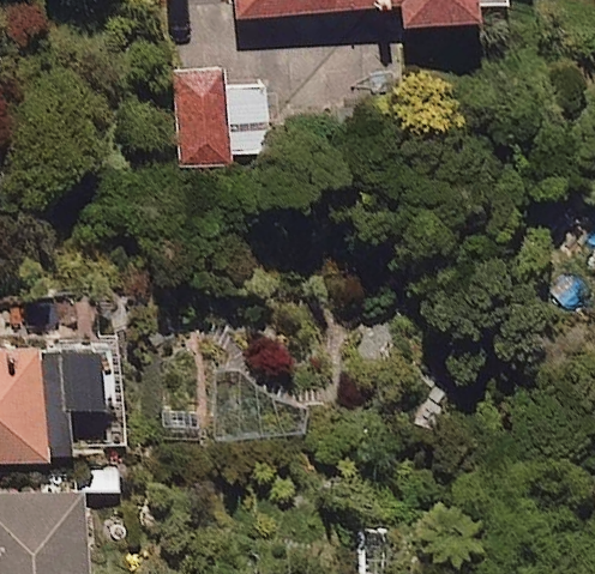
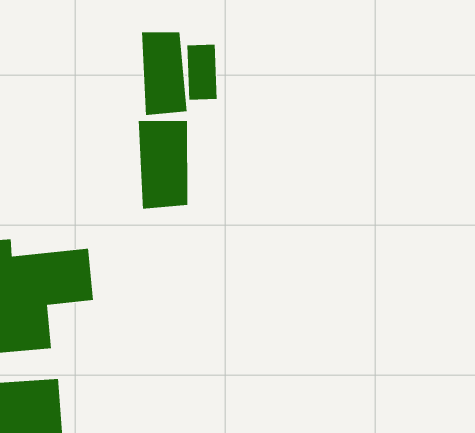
building: none -> [138,120,188,210]

